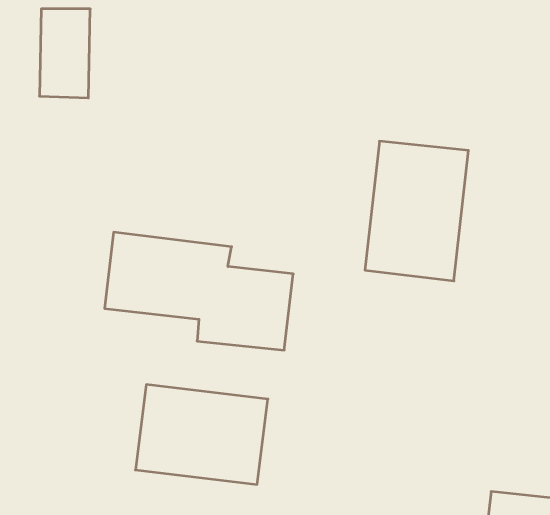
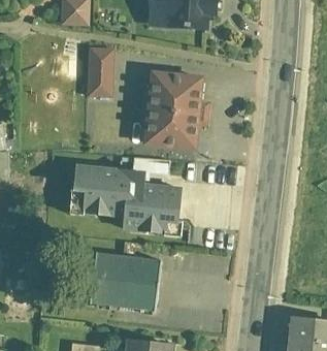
building: [39,9,90,98] -> [84,46,112,97]
building: [365,141,468,281] -> [144,70,203,150]

